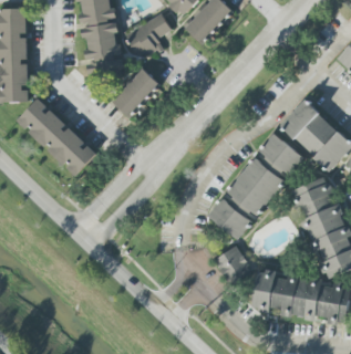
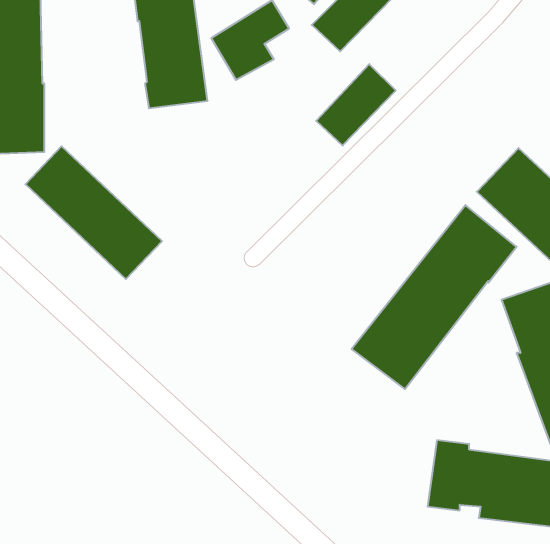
building: [112,69,158,116] -> [316,64,396,146]
building: [216,247,250,283] -> none

